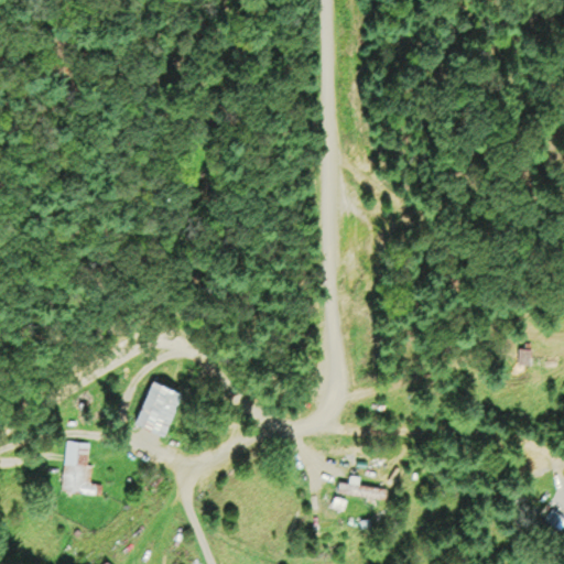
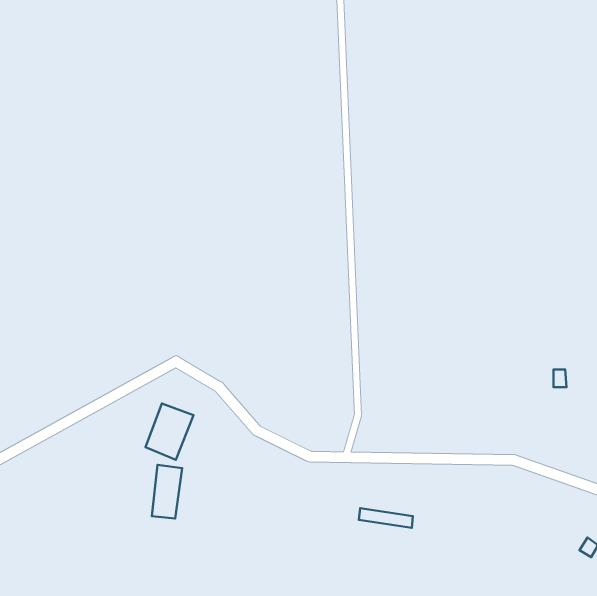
building: [62,442,90,492] -> [152,465,182,519]

